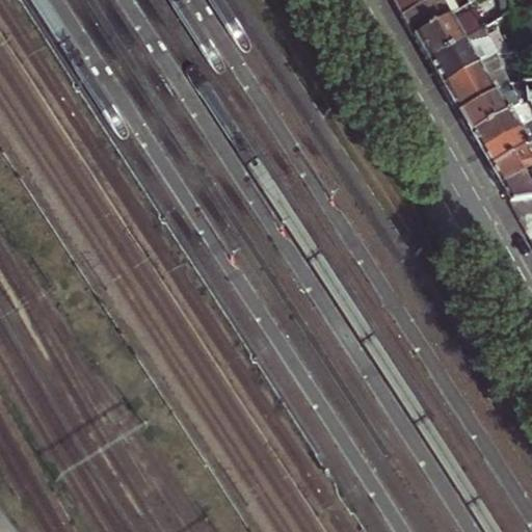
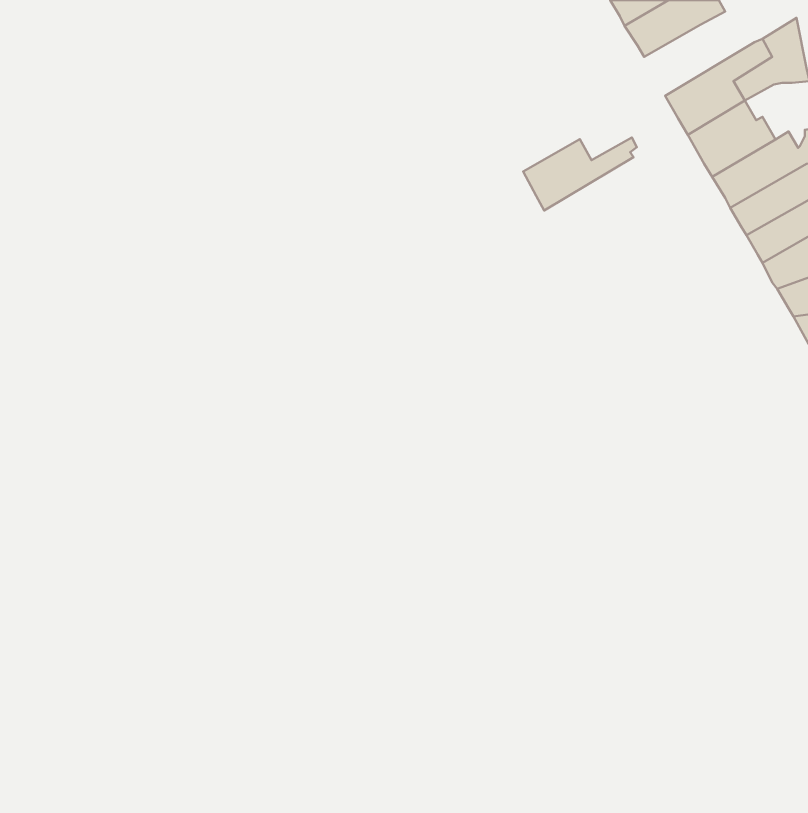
building: [426,25,499,72] -> [523,138,637,211]

